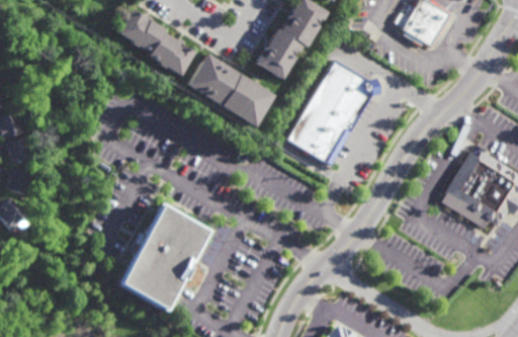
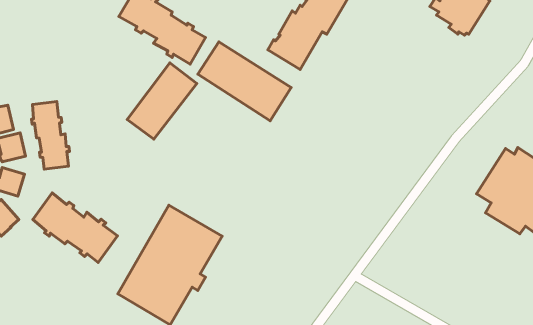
building: [291,63,383,165] -> none
building: none -> [127,63,197,139]
building: none -> [32,102,69,169]
building: none -> [33,193,117,263]

